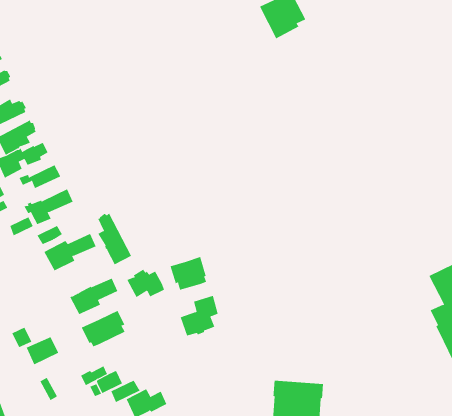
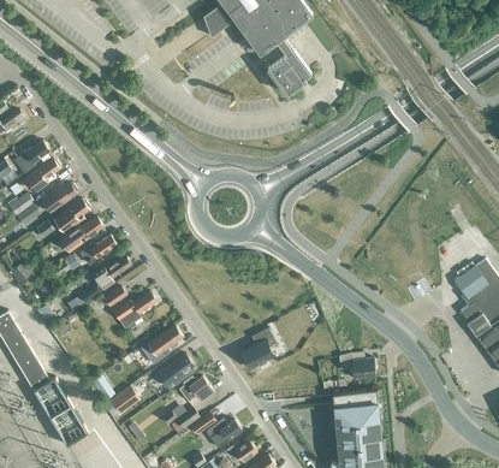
building: [97,213,132,265] -> none
building: [170,256,207,291] -> none
building: [127,269,165,298] -> [177,375,212,402]
building: none -> [338,353,375,379]

